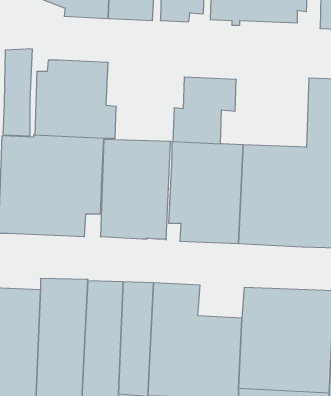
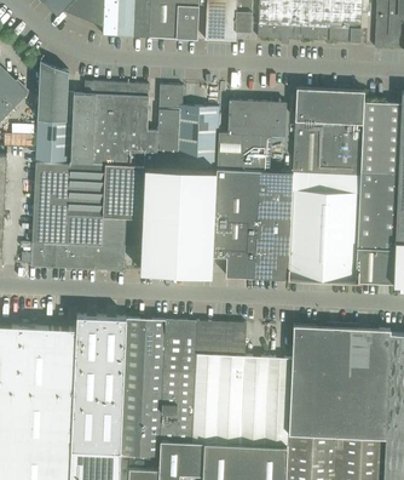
building: none -> [156,85,219,170]
building: none -> [293,88,364,176]

